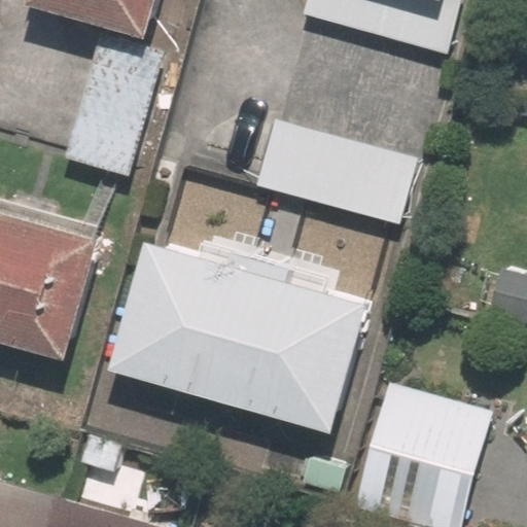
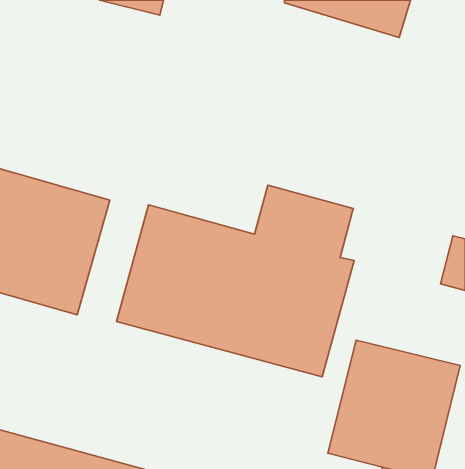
building: [62,31,166,177] -> none
building: [253,117,409,227] -> none

